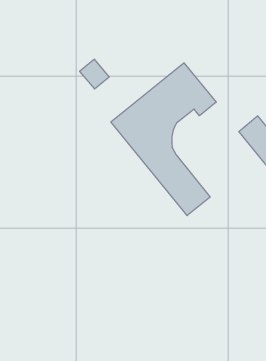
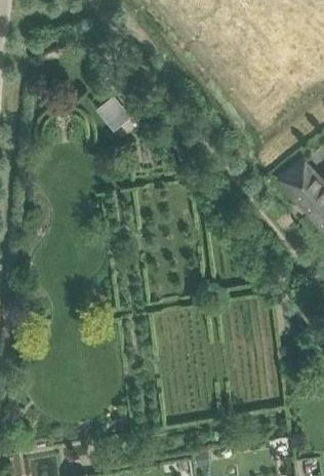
building: [111,63,216,216] -> none

